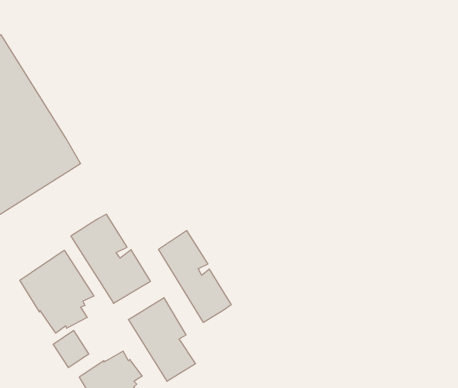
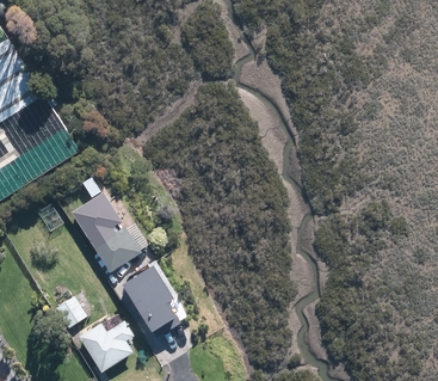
building: [159,231,231,322] -> none
building: [20,250,94,333] -> none

